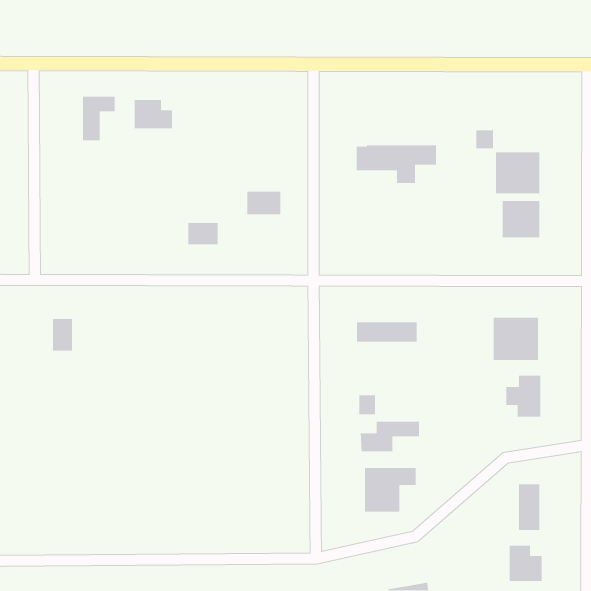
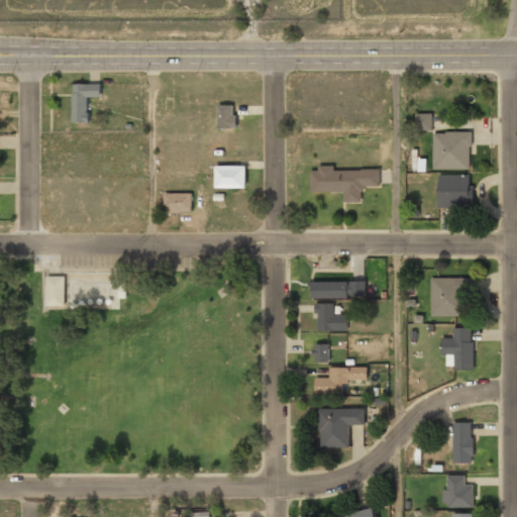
building: [134,99,173,129] -> none
building: none -> [217,106,235,128]
building: [356,145,437,184] -> [309,168,380,202]
building: none -> [316,304,346,331]

